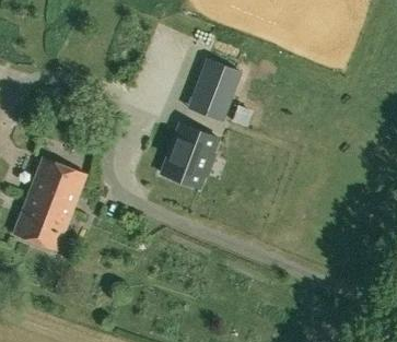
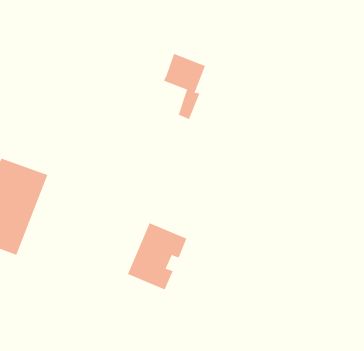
building: [157,125,214,189] -> [127,222,187,290]

